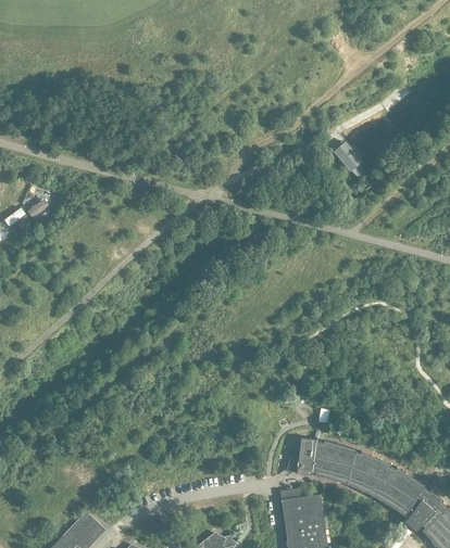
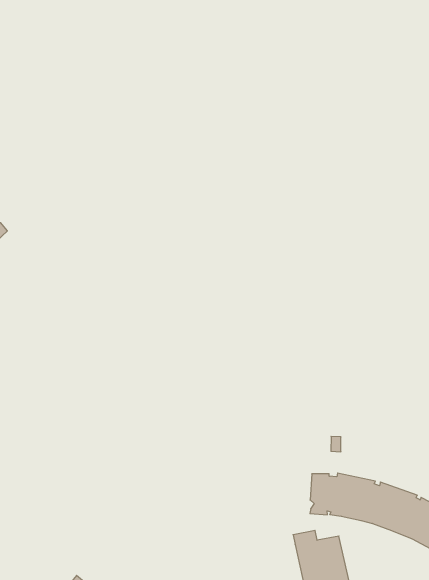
building: [335,142,365,178] -> none

